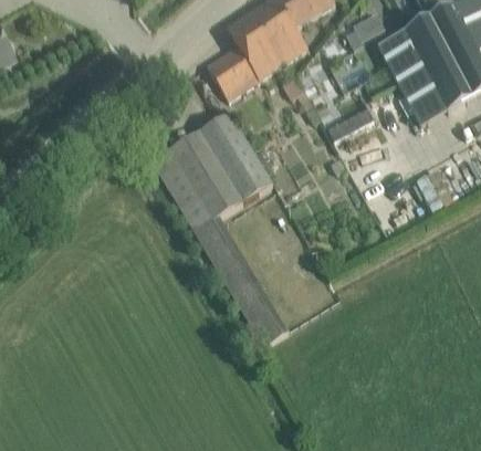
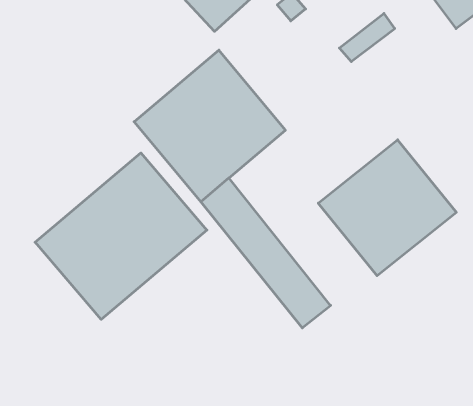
building: none -> [35,153,207,319]
building: none -> [318,140,456,276]

